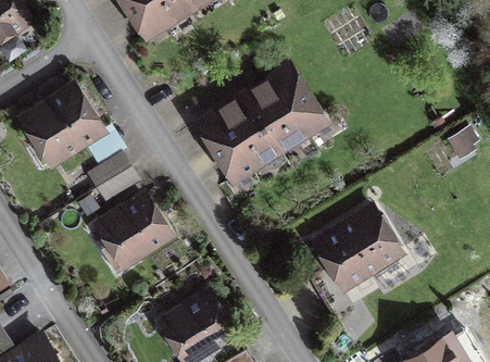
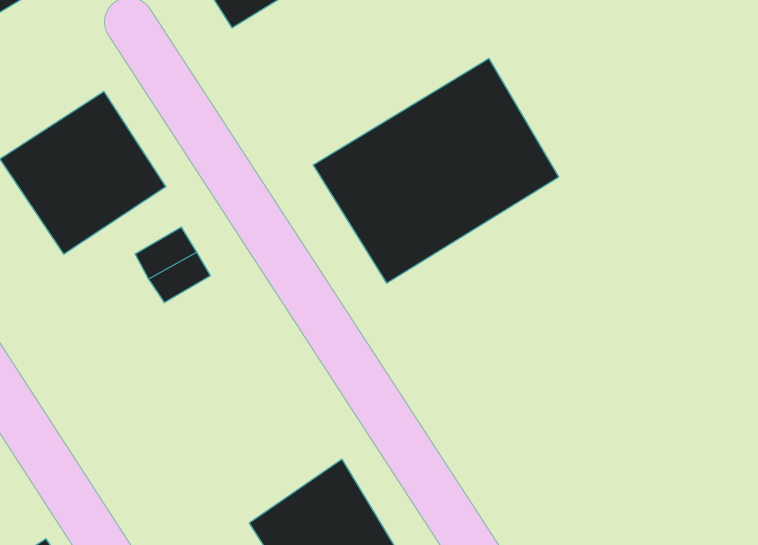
building: [90,189,174,274] -> none
building: [306,202,405,296] -> none

